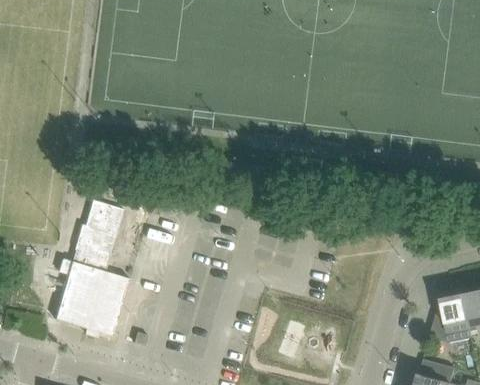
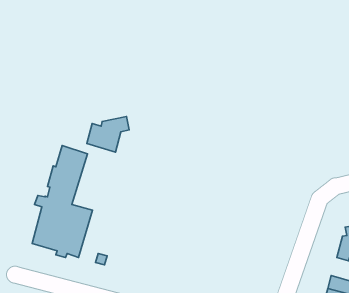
building: none -> [87,117,129,152]

